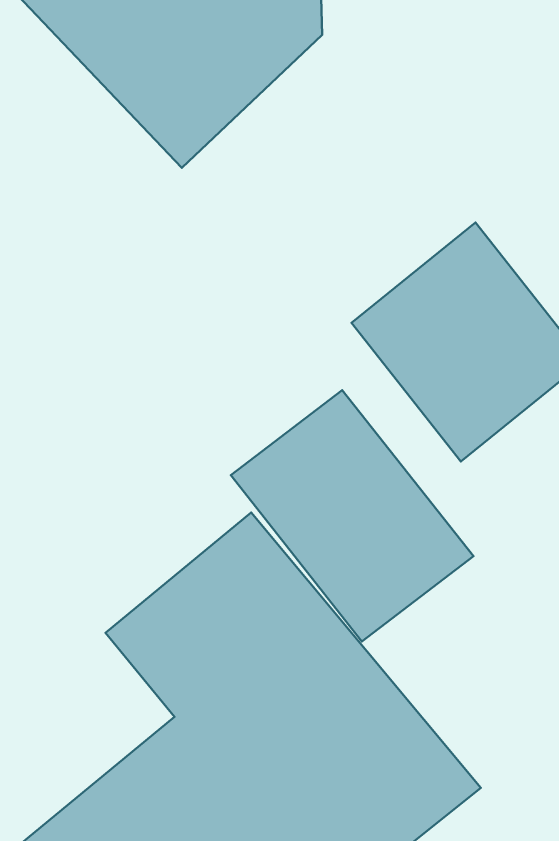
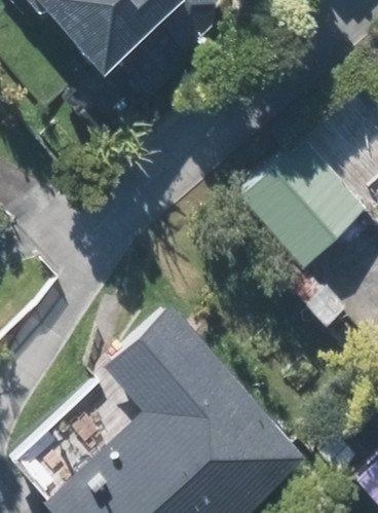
building: [231,390,473,641] -> none

